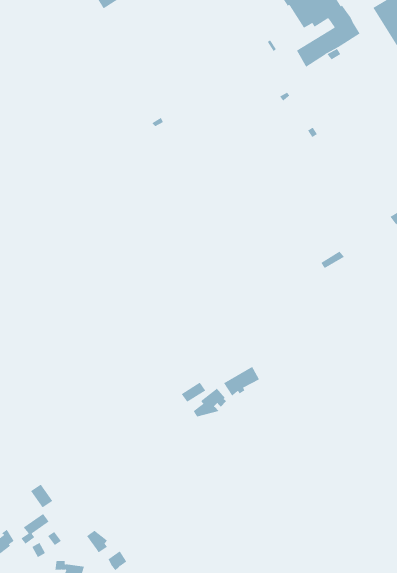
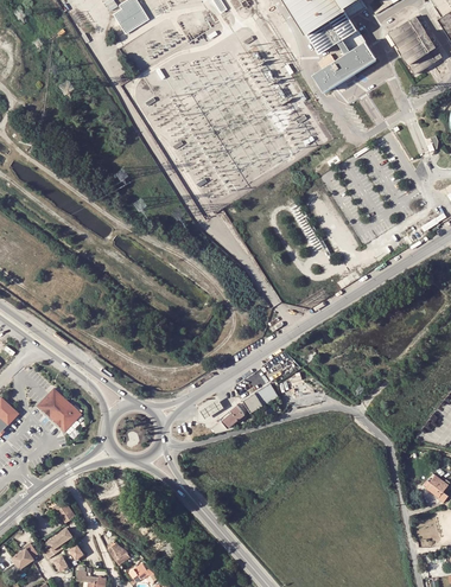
building: none -> [37,388,80,430]

